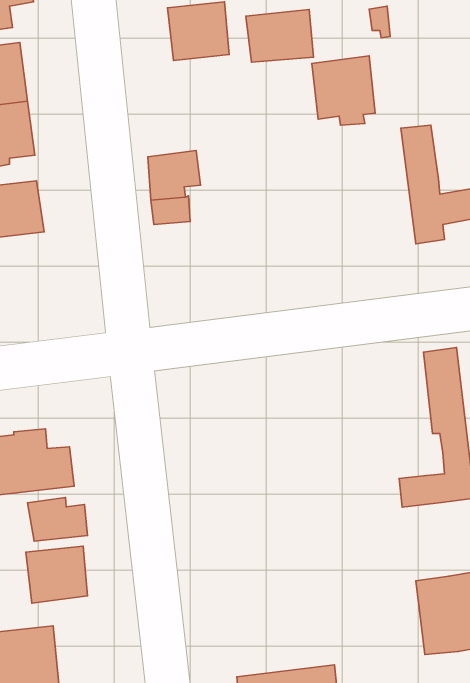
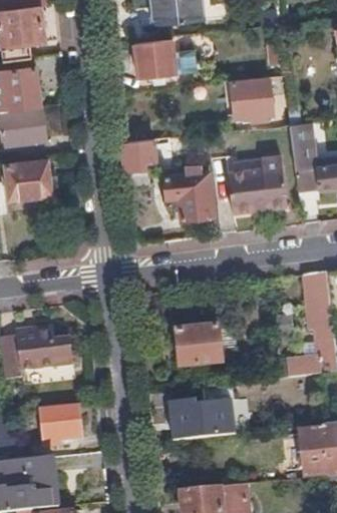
building: [246,10,313,62] -> none
building: none -> [228,155,287,212]
building: none -> [163,164,212,219]
building: none -> [175,317,235,367]
building: [27,498,88,541] -> none
building: none -> [167,384,241,440]

